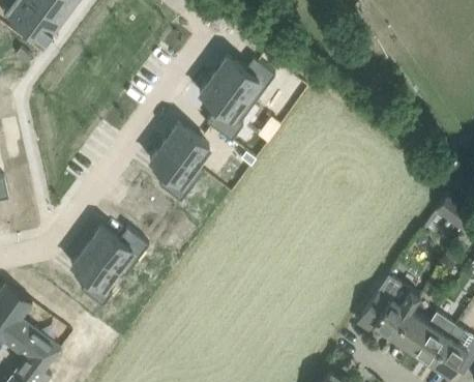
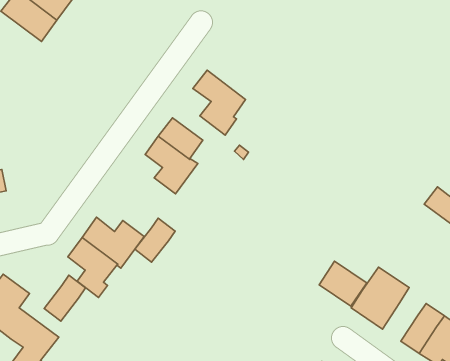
building: [213,58,275,107] -> none
building: none -> [135,218,175,262]
building: none -> [319,261,367,306]
building: none -> [44,275,86,321]
building: [392,314,428,353] -> none

